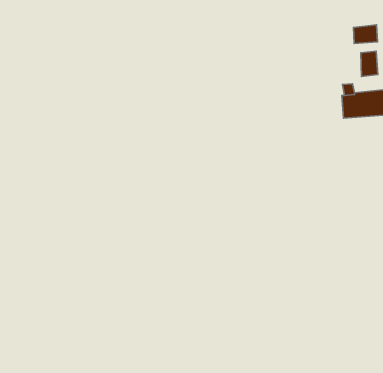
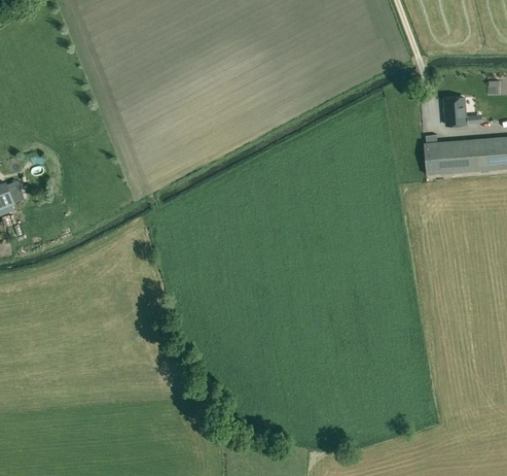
building: [353,25,377,44] -> none

